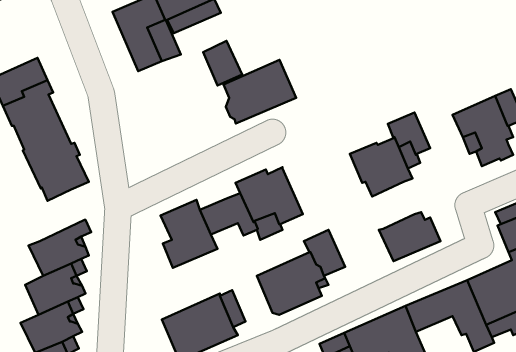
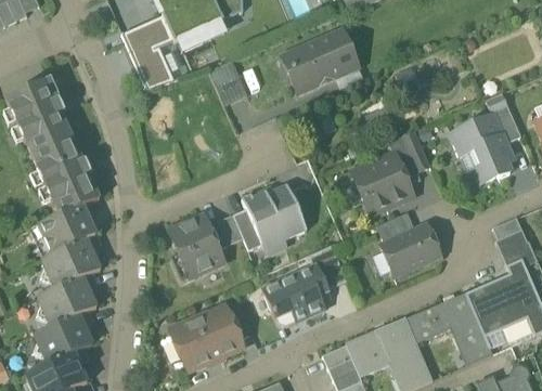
building: [223,60,296,124] -> [288,29,359,91]
building: none -> [39,205,95,255]
building: none -> [377,211,415,243]

